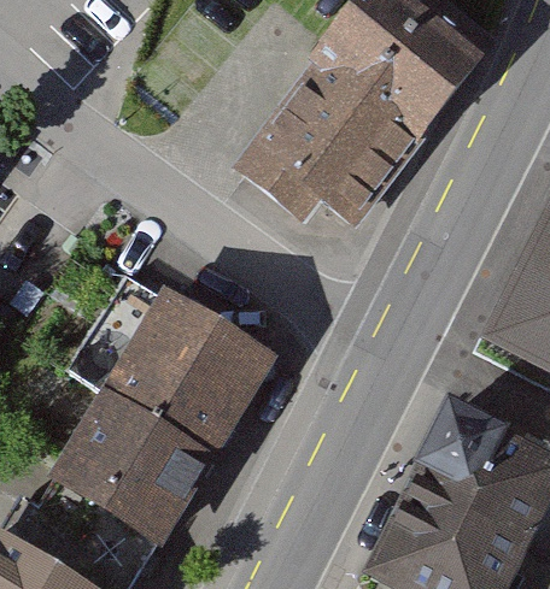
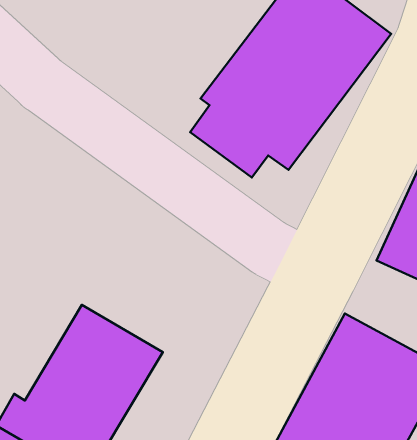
building: [77,273,273,452] -> none

